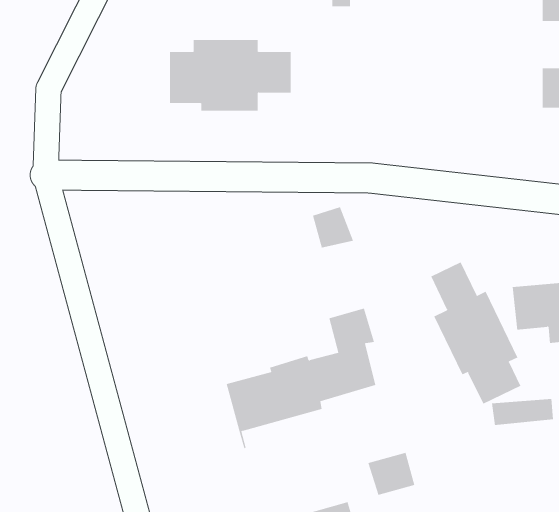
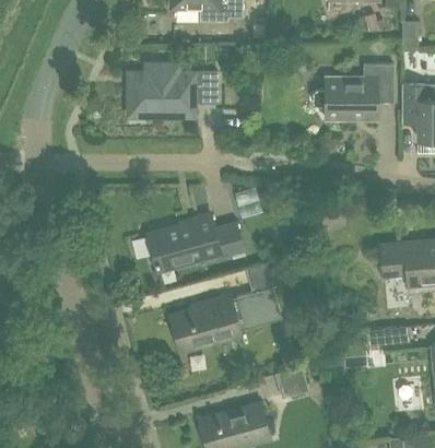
building: none -> [313,66,393,120]
building: none -> [149,214,245,271]
building: [430,262,521,405] -> none

